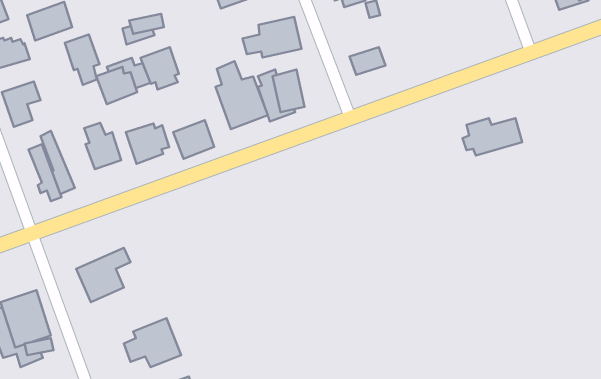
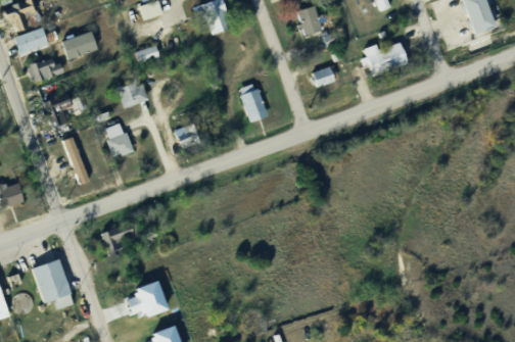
building: [243,17,301,57] -> none
building: [65,35,100,85] -> none
building: [140,47,179,90] -> none
building: [215,61,268,129] -> none
building: [462,118,522,155] -> [358,45,404,74]
building: [126,124,169,164] -> none

